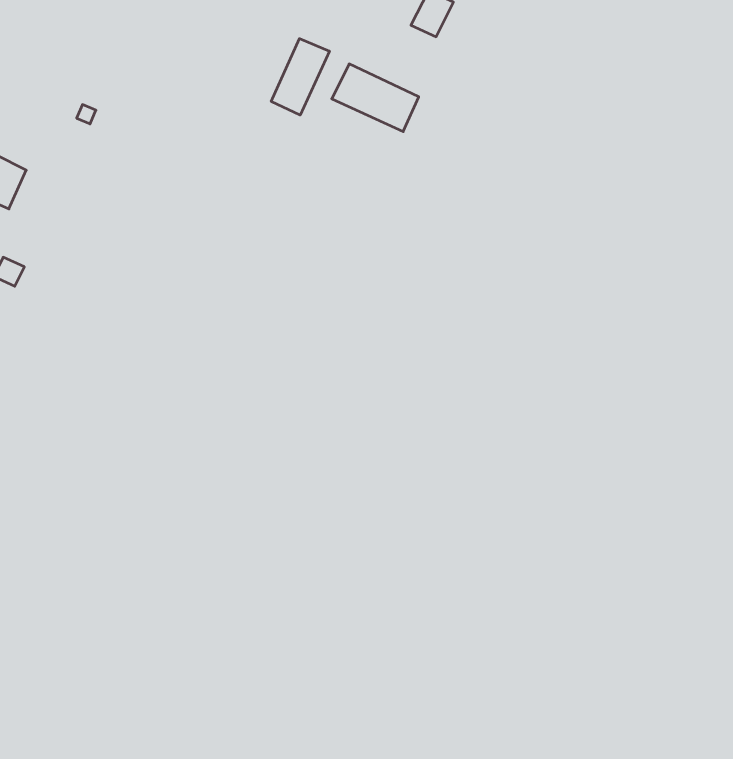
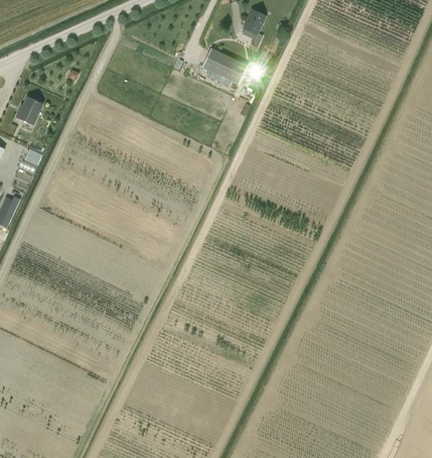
building: [271,39,329,115] -> none

